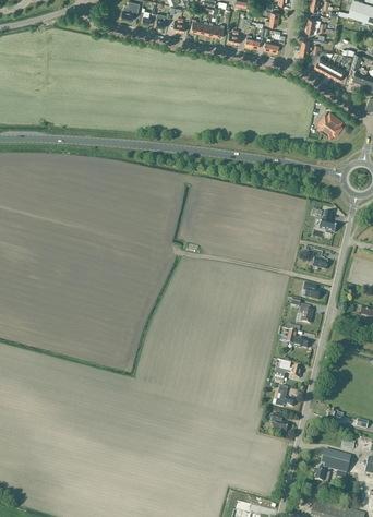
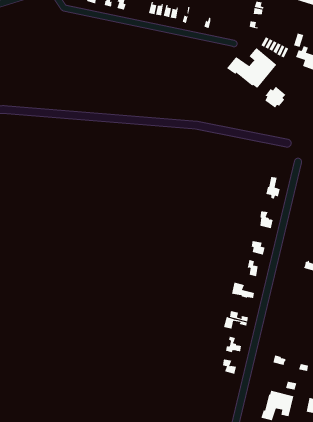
building: none -> [226,47,277,89]

